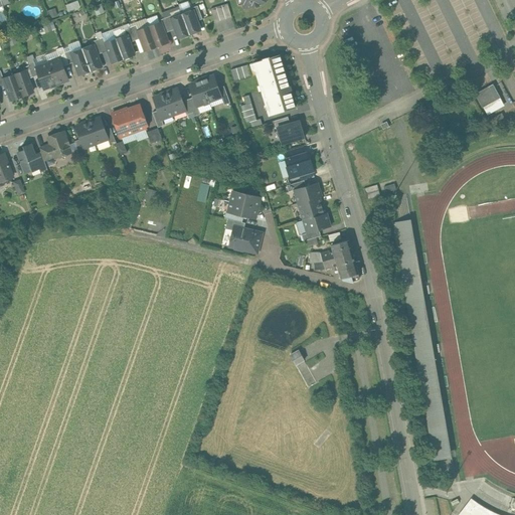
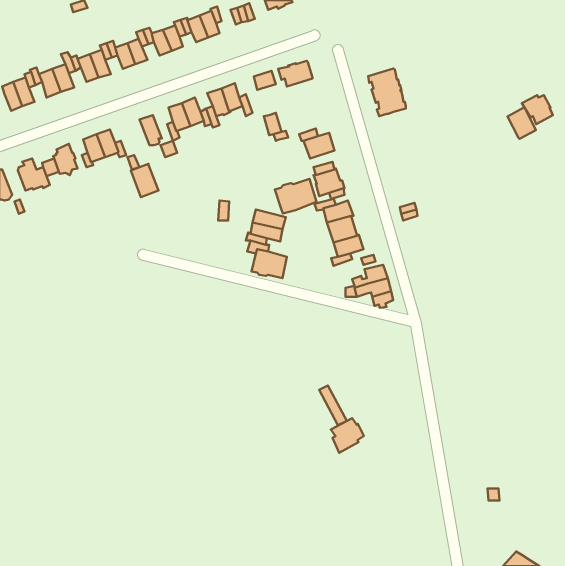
building: [261,71,295,115] -> [368,68,406,116]
building: none -> [507,107,536,139]
building: [111,108,136,138] -> [131,164,159,197]
building: none -> [275,179,317,214]
building: none -> [331,418,364,453]

